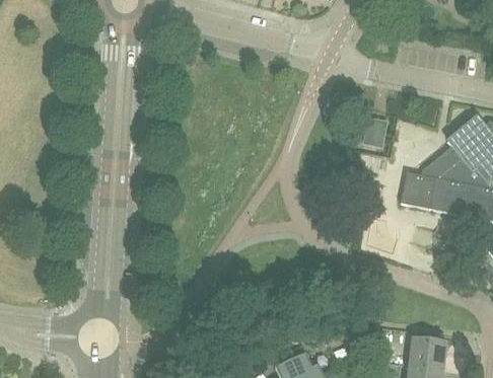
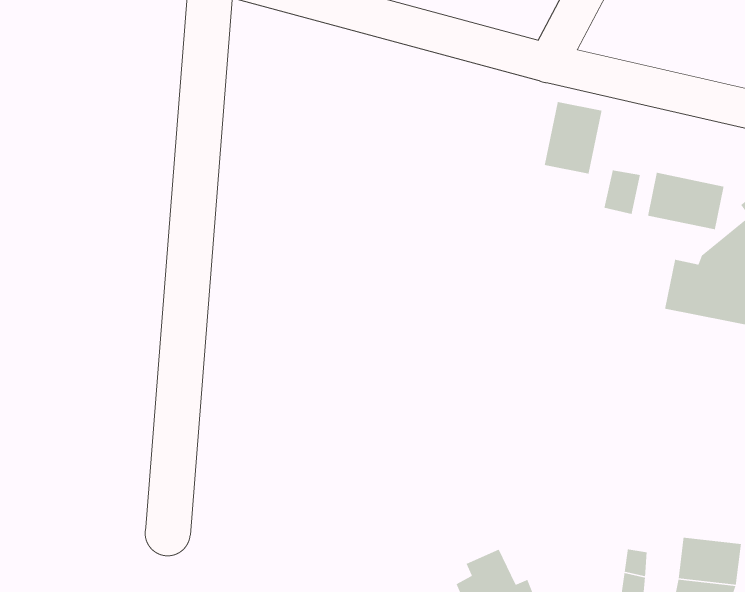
building: none -> [544,101,602,175]
building: none -> [647,172,724,230]

